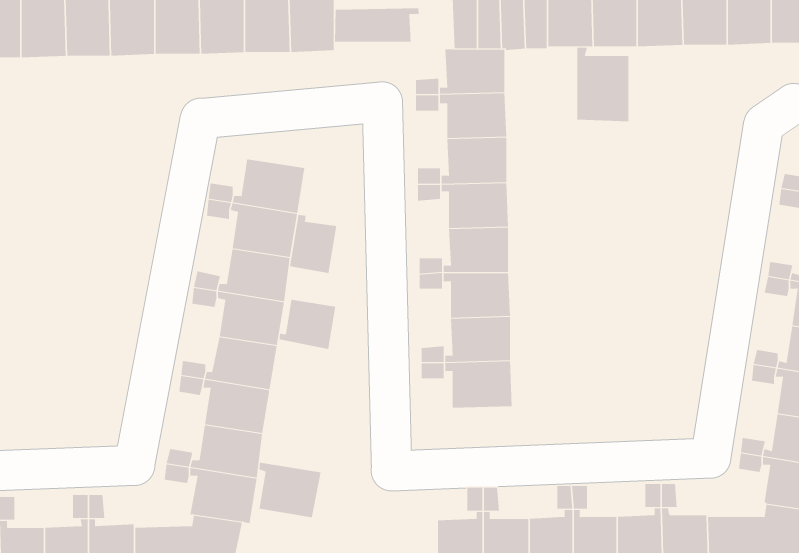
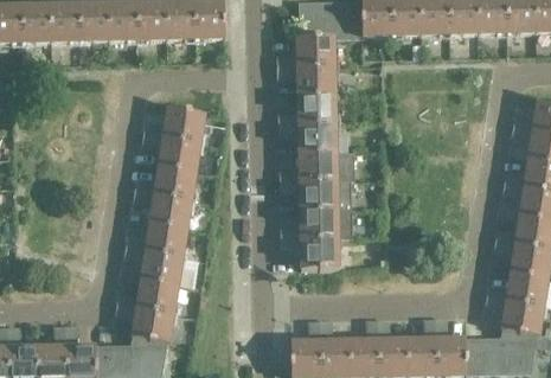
building: [335,8,419,43] -> none
building: [577,47,629,122] -> none
building: [289,214,337,274] -> none
building: [279,299,336,350] -> none
building: [259,462,321,518] -> none

